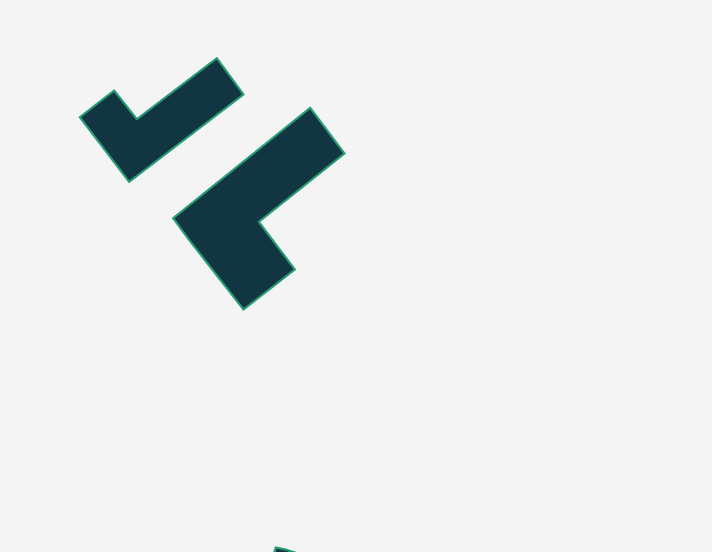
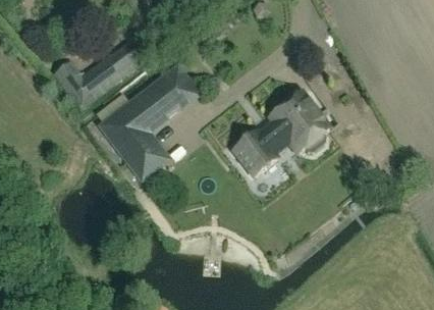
building: none -> [232,91,327,174]

